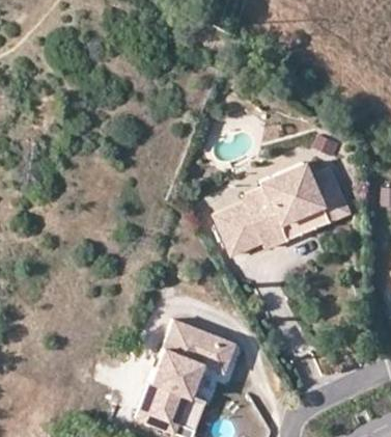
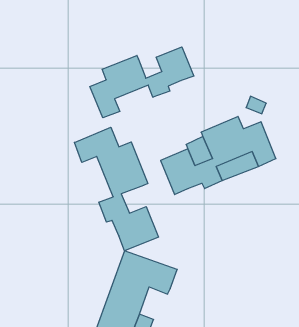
building: none -> [90,47,194,118]
building: none -> [74,127,158,251]

